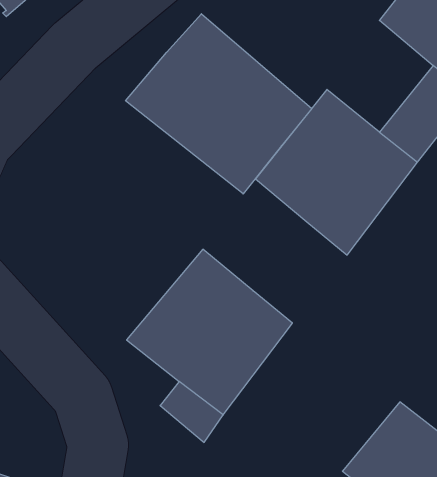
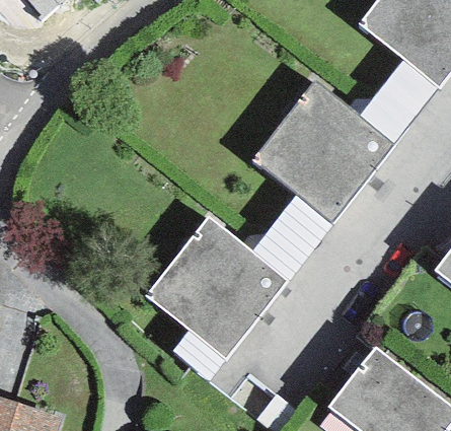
building: [126,14,312,194] -> none
building: none -> [251,195,331,281]

